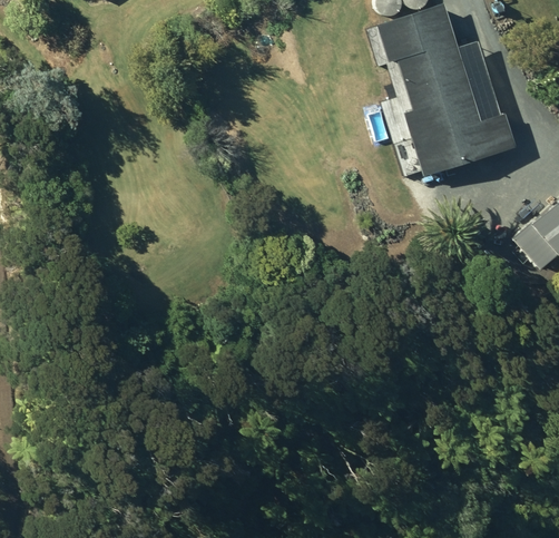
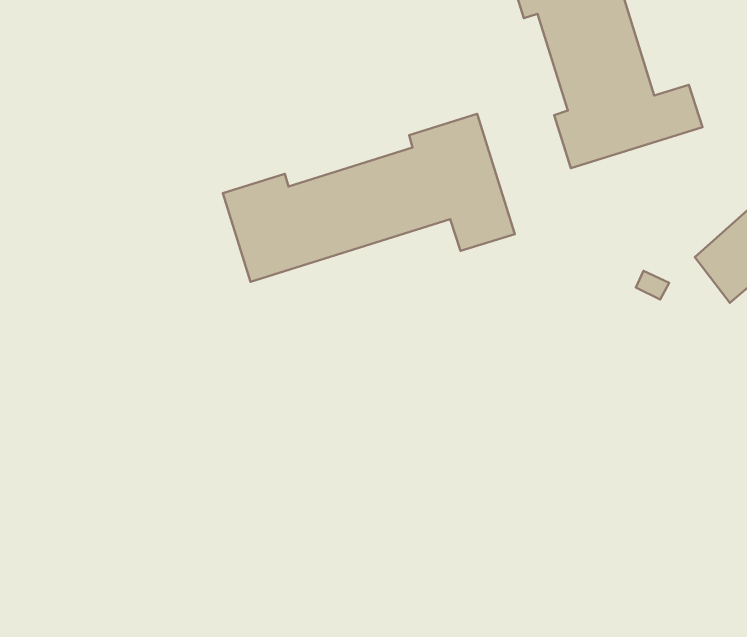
building: none -> [223,114,515,282]

